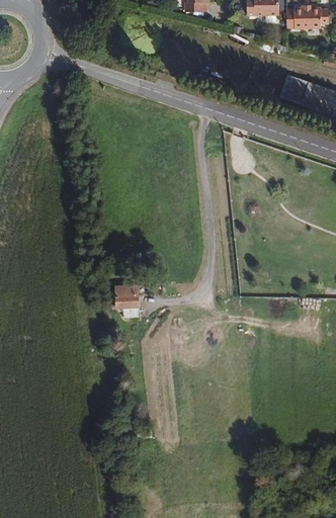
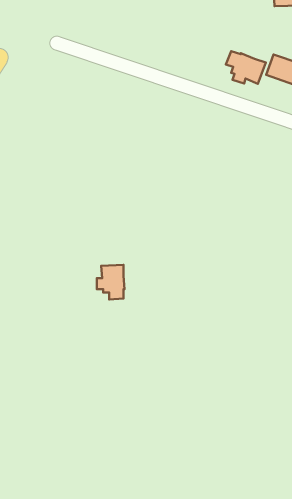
building: none -> [226,51,266,84]

